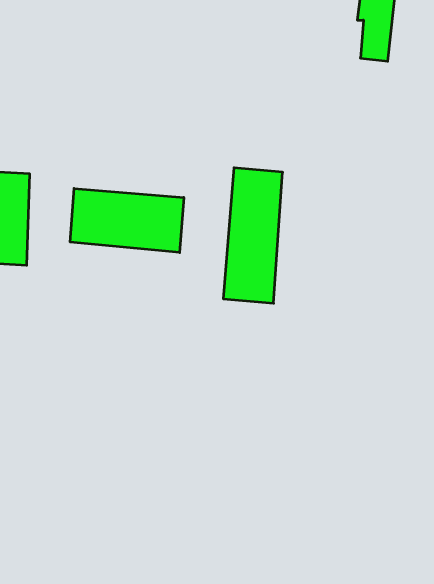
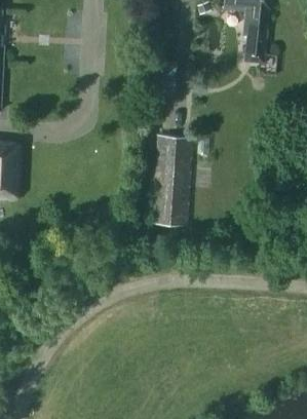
building: [70,188,184,253] -> none

